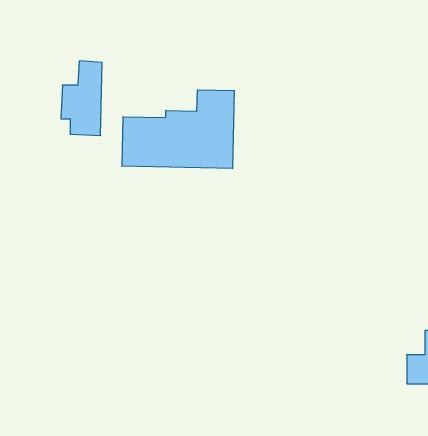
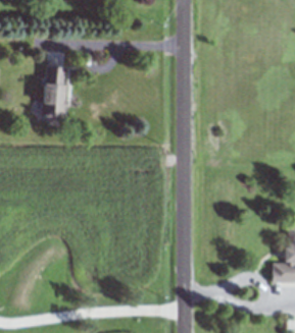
building: [122,90,234,169] -> none

